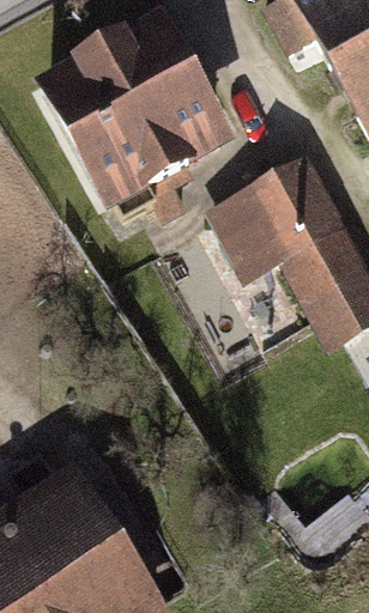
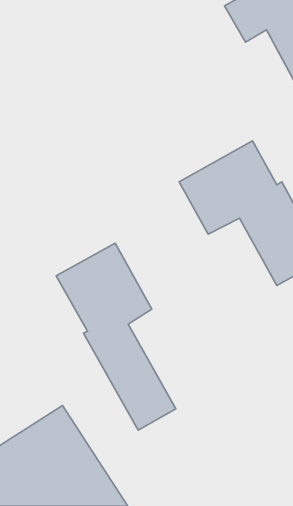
building: [52,29,217,189] -> none
building: none -> [56,243,176,430]

